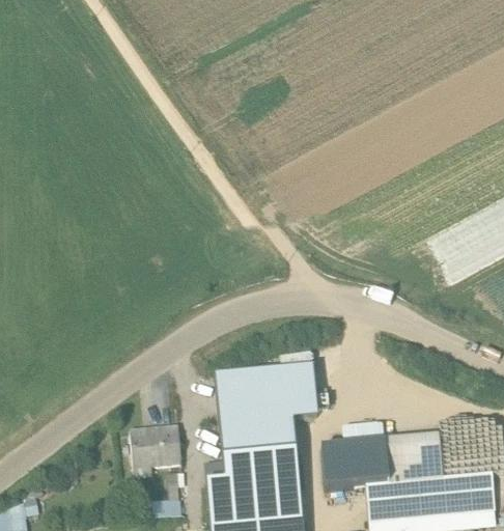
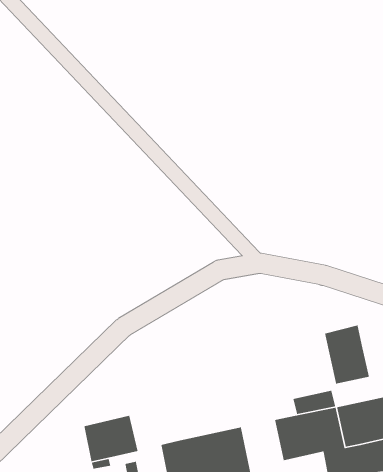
building: none -> [324,325,370,385]
building: [216,371,318,460] -> none

